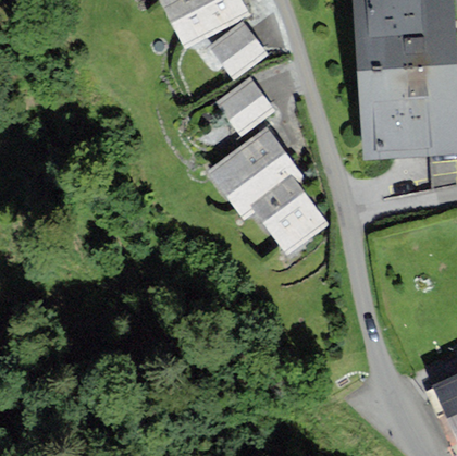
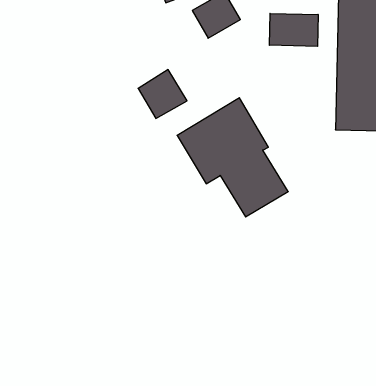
building: none -> [269,13,318,46]
building: [220,82,270,132] -> [138,70,187,118]

